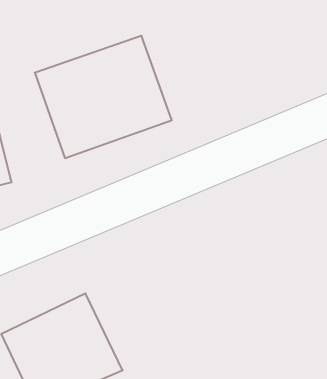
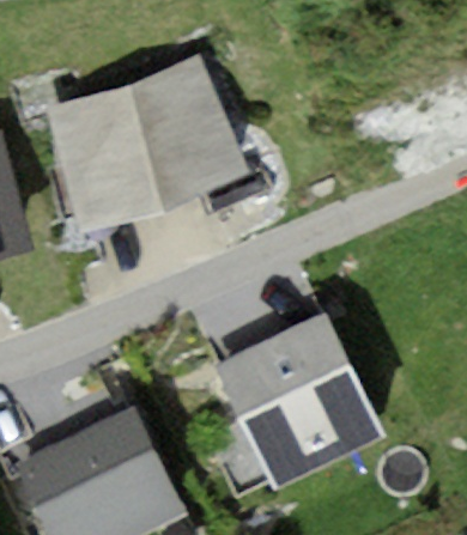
building: none -> [213,315,382,494]

